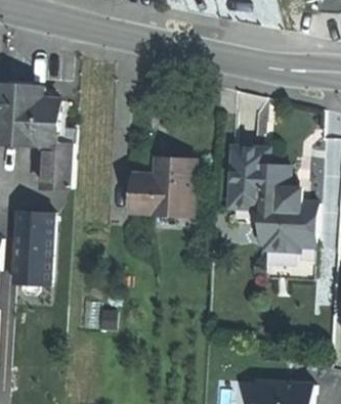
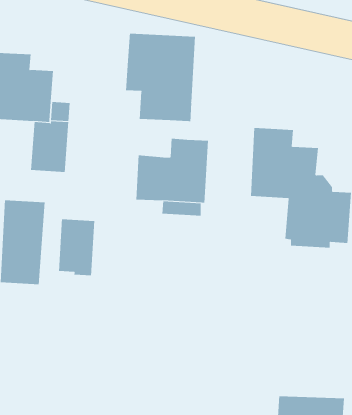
building: none -> [126,33,195,122]
building: none -> [59,219,95,276]

